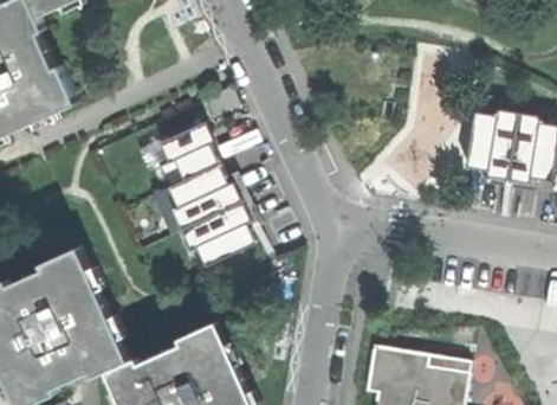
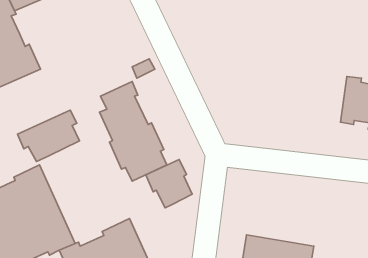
building: [467,110,519,180] -> none
building: none -> [18,110,79,162]
building: none -> [146,160,192,208]

